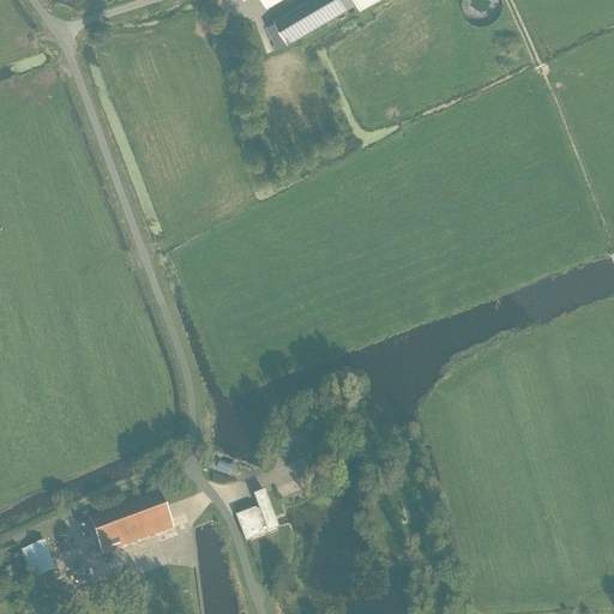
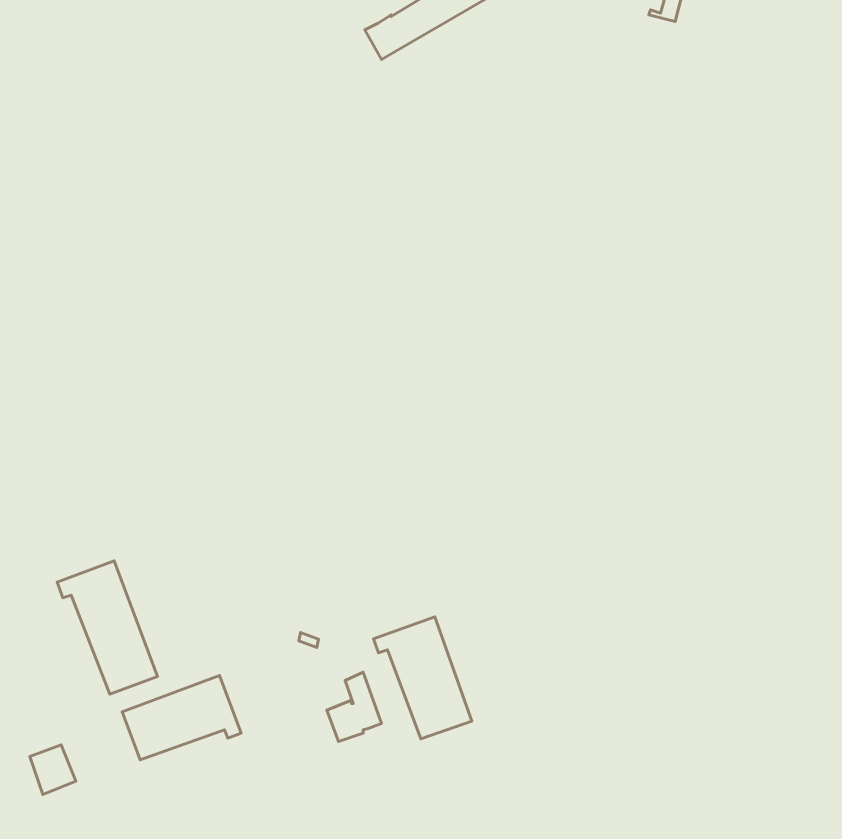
building: none -> [57,561,157,694]
building: none -> [374,617,472,739]

